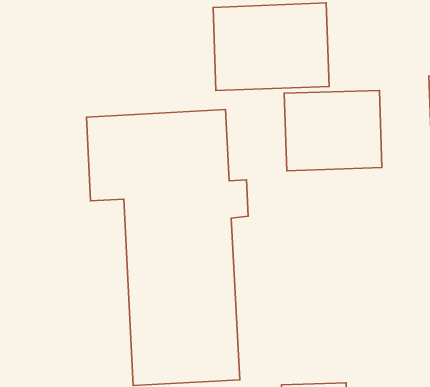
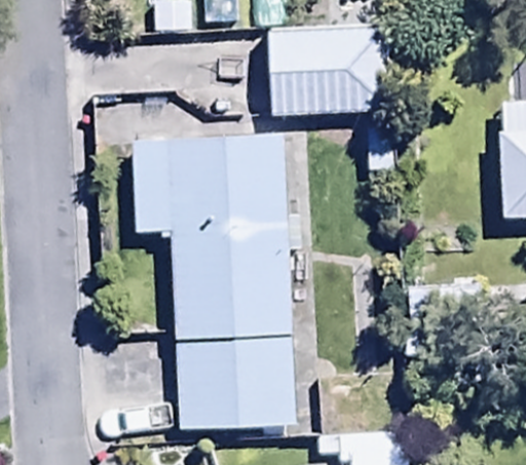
building: [284,91,382,171] -> none

